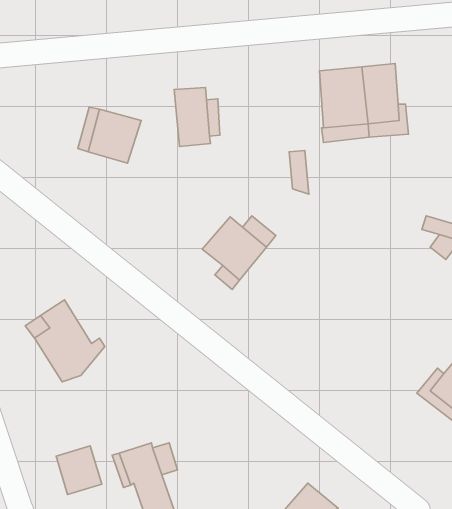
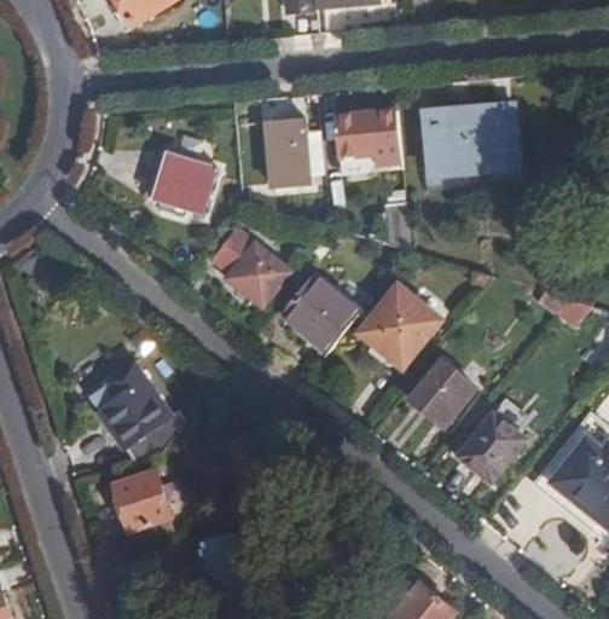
building: none -> [335,106,404,161]
building: none -> [215,230,291,306]
building: none -> [362,285,440,361]
building: none -> [413,355,476,421]
building: none -> [462,409,527,478]
building: [56,446,102,495] -> [106,479,160,536]

